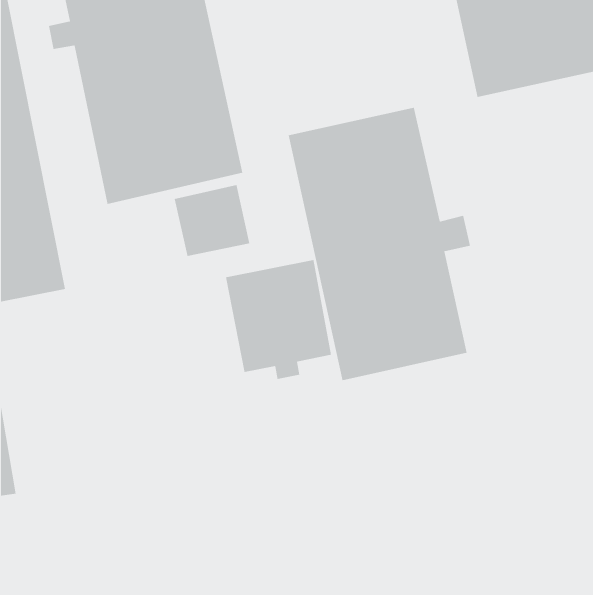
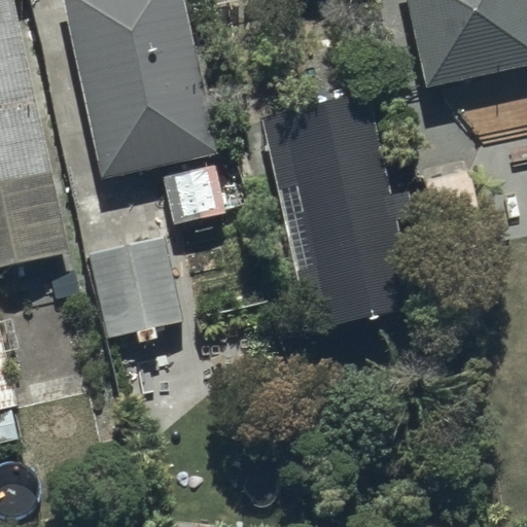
building: [225,260,332,379] -> [90,236,183,341]

